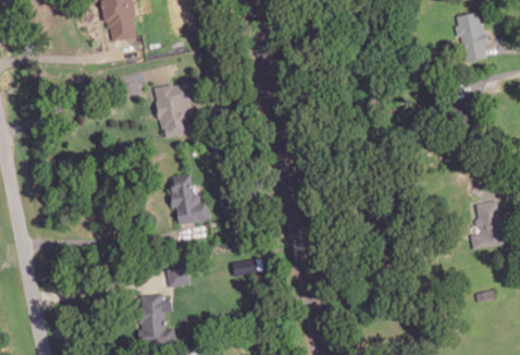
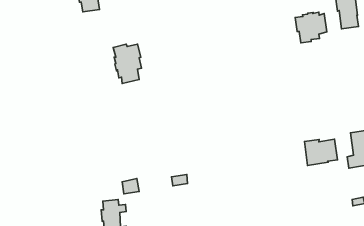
building: none -> [295,12,327,43]
building: [171,174,209,224] -> none
building: none -> [305,139,338,165]

